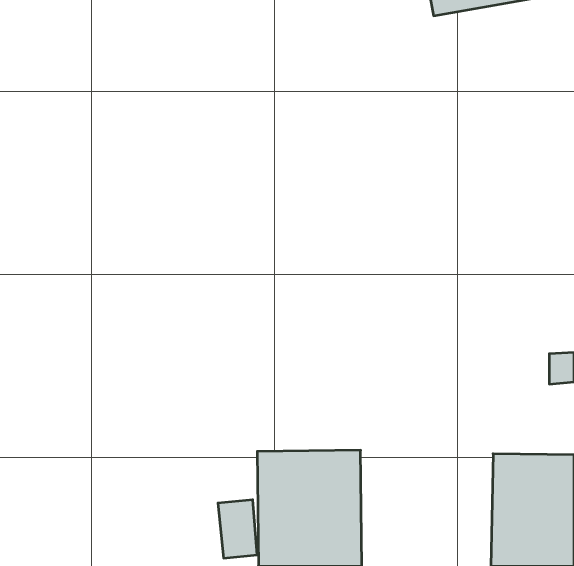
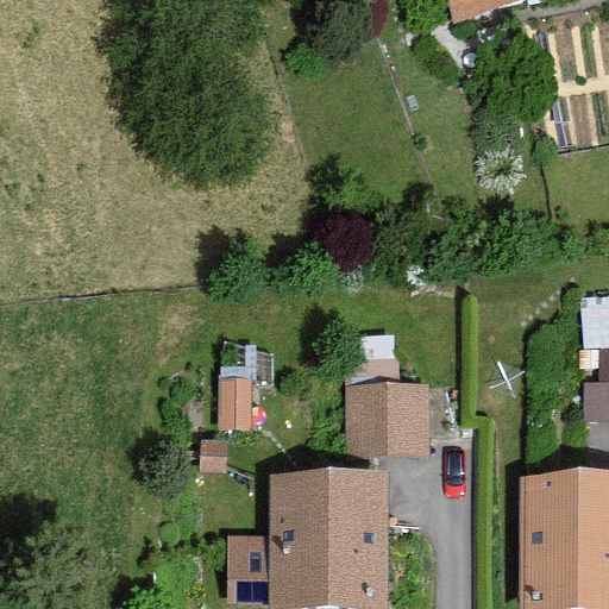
building: none -> [347,379,432,457]

